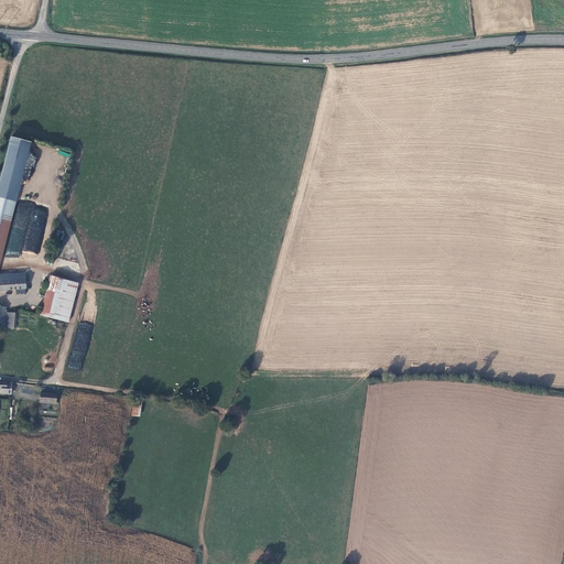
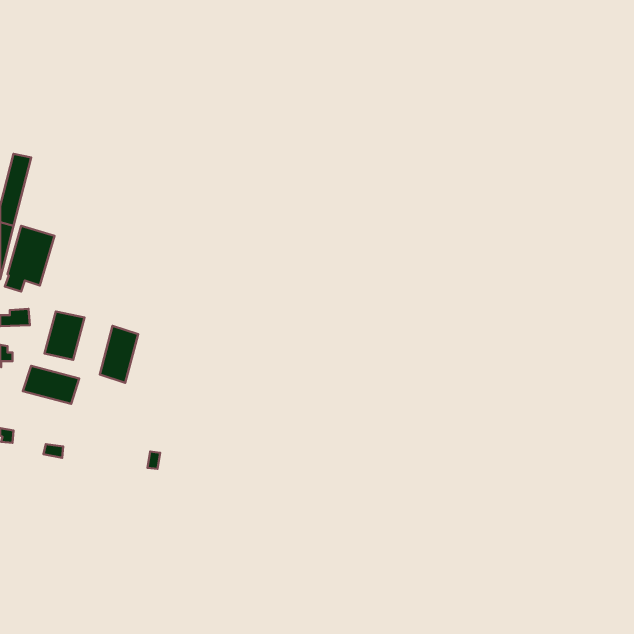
building: none -> [100,326,138,383]
building: none -> [23,366,79,404]

